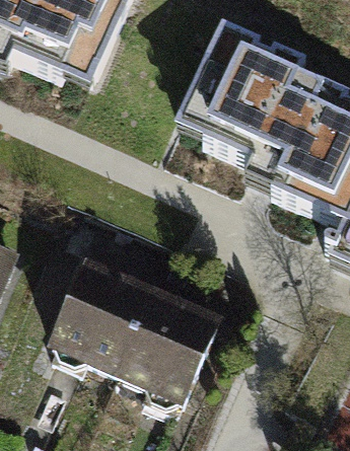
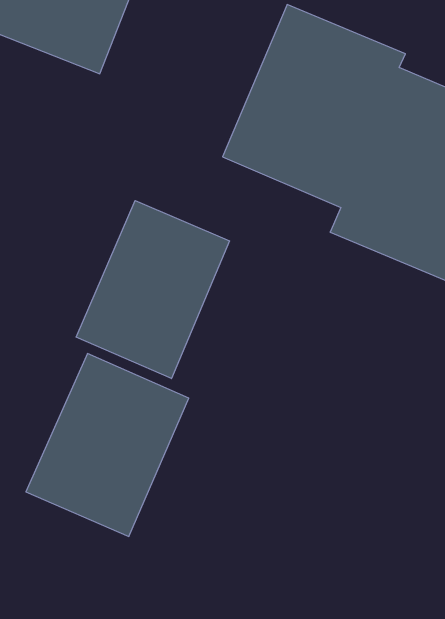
building: none -> [76,201,230,379]
building: [116,290,220,409] -> none

